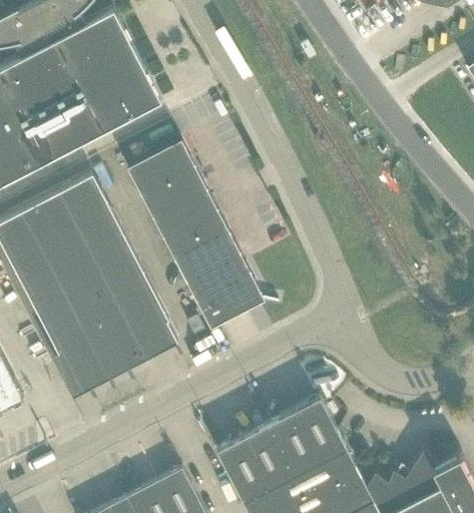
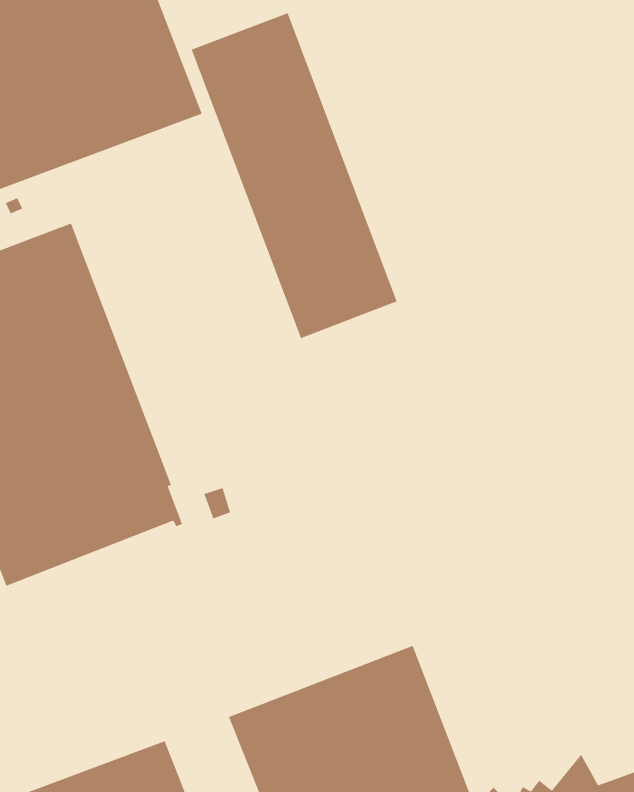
building: [126,141,264,331] -> [191,12,398,339]

